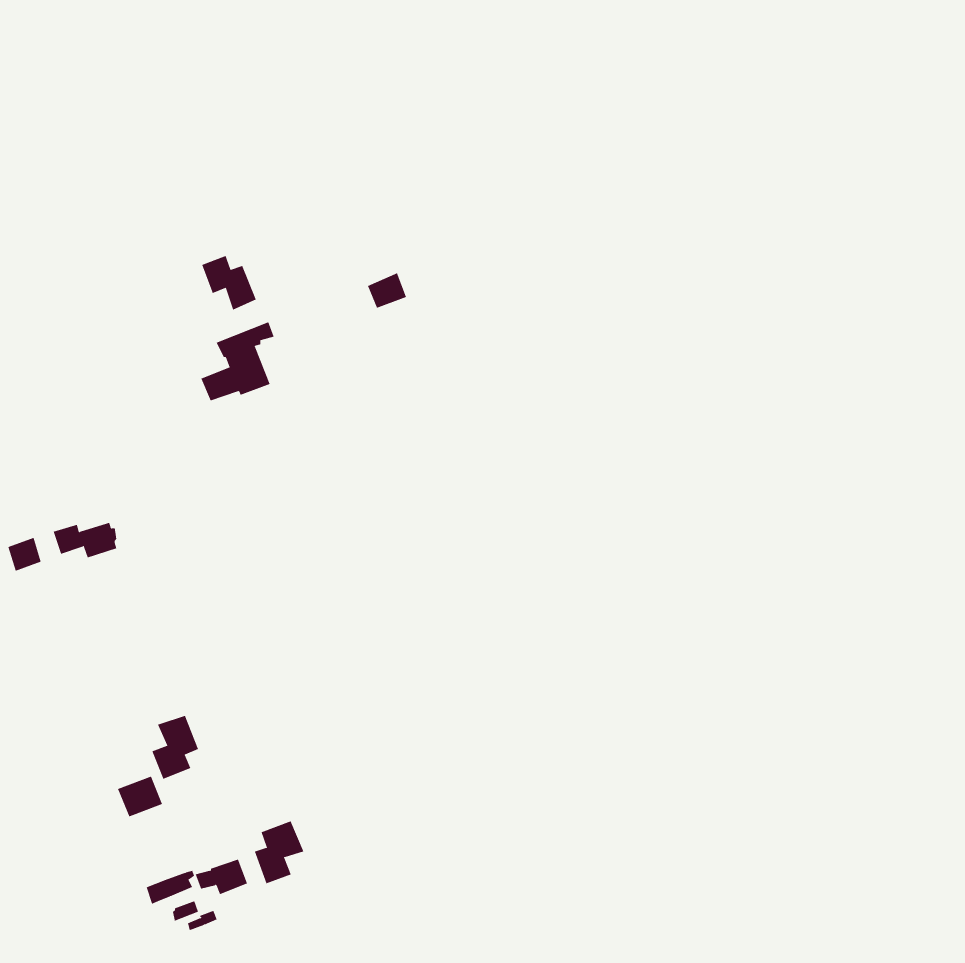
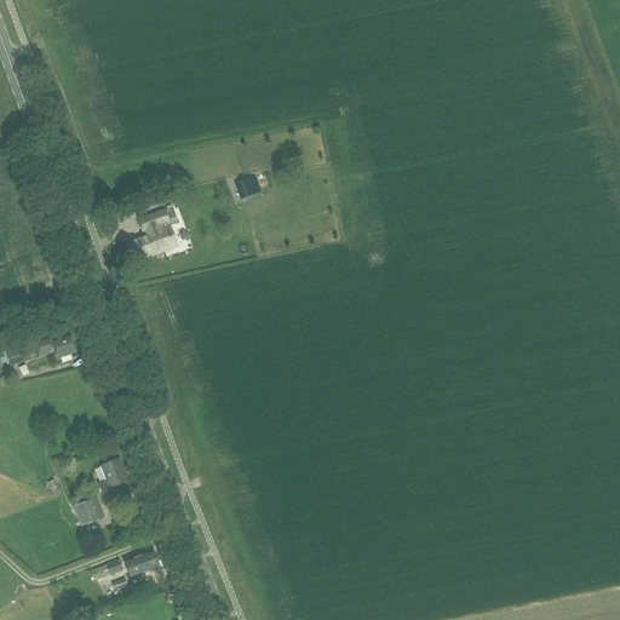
building: [201,255,256,311] -> none
building: [254,820,304,884] -> none

